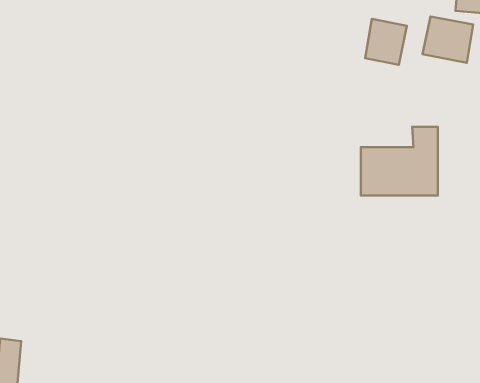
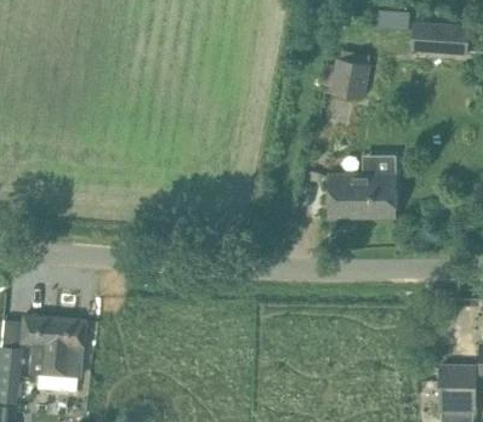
building: [422,17,473,63] -> none
building: none -> [22,315,86,377]

